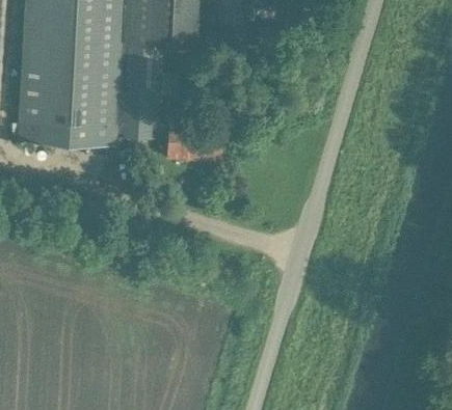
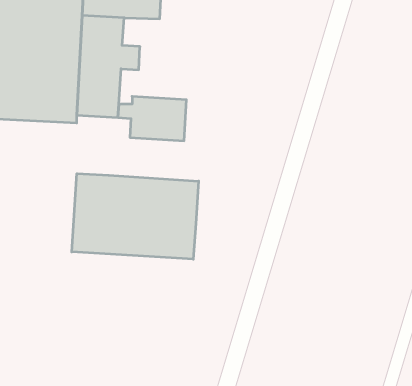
building: none -> [72,174,199,259]

